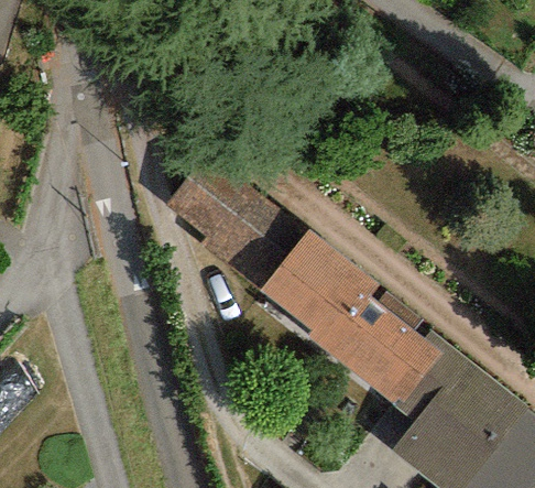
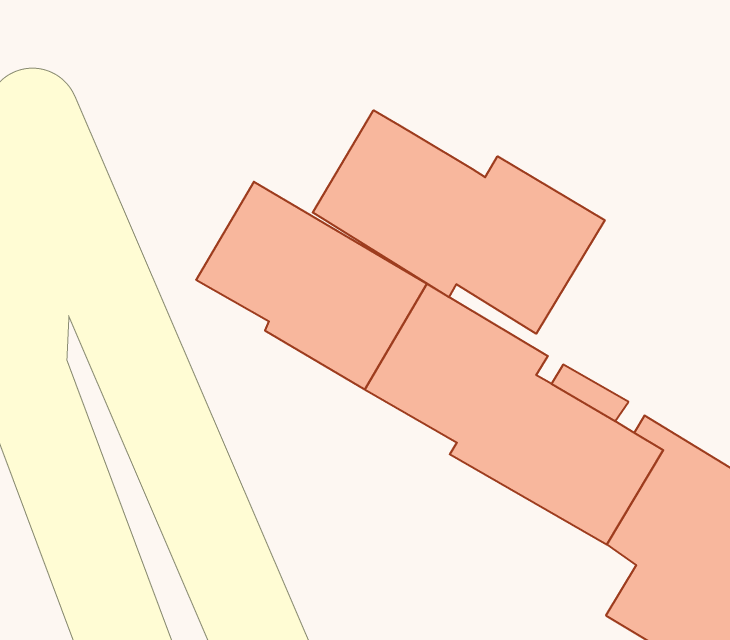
building: none -> [313,110,605,334]

